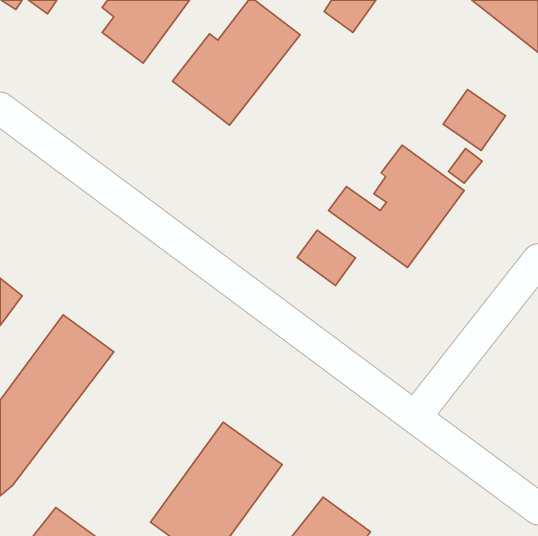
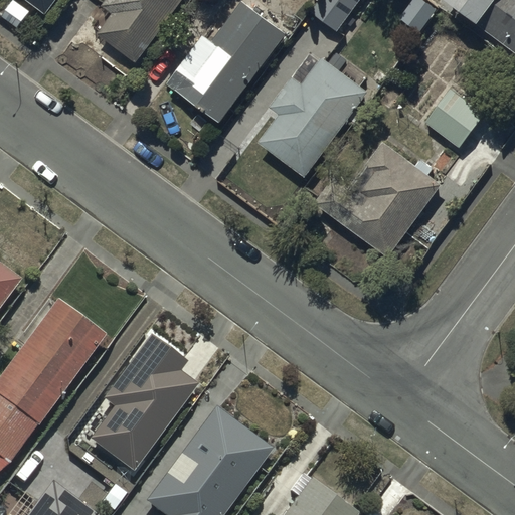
building: none -> [259,52,368,175]
building: [297,230,356,285] -> none
building: none -> [87,334,195,472]

